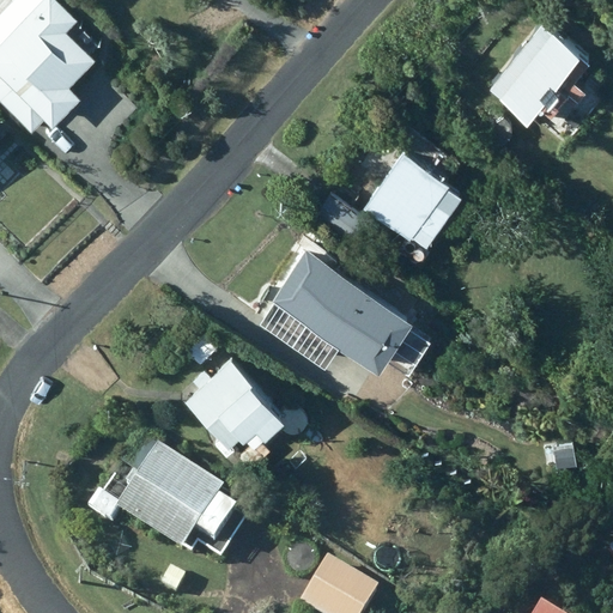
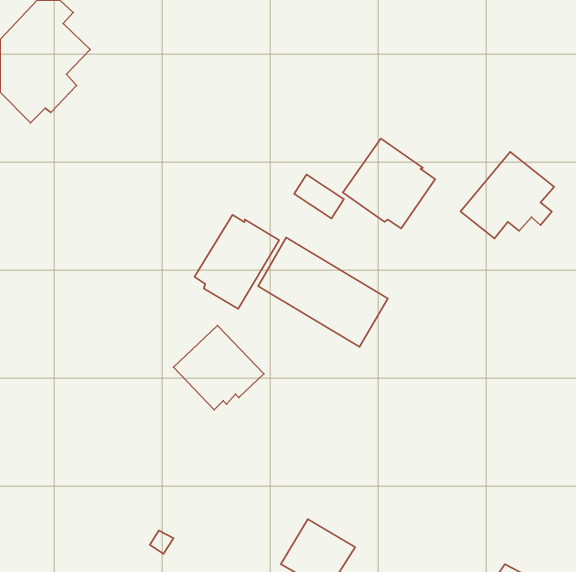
building: [492,23,591,115] -> [461,152,554,239]
building: none -> [195,215,279,309]
building: [85,433,235,550] -> none

